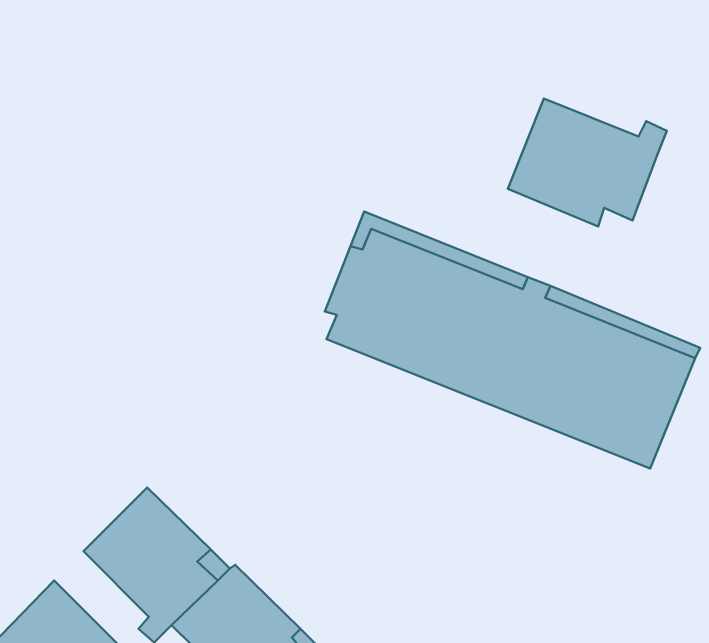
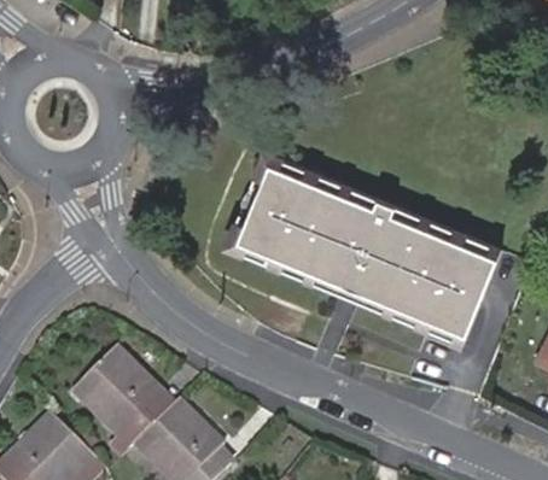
building: [508,99,667,226] -> none
building: none -> [229,223,467,341]

